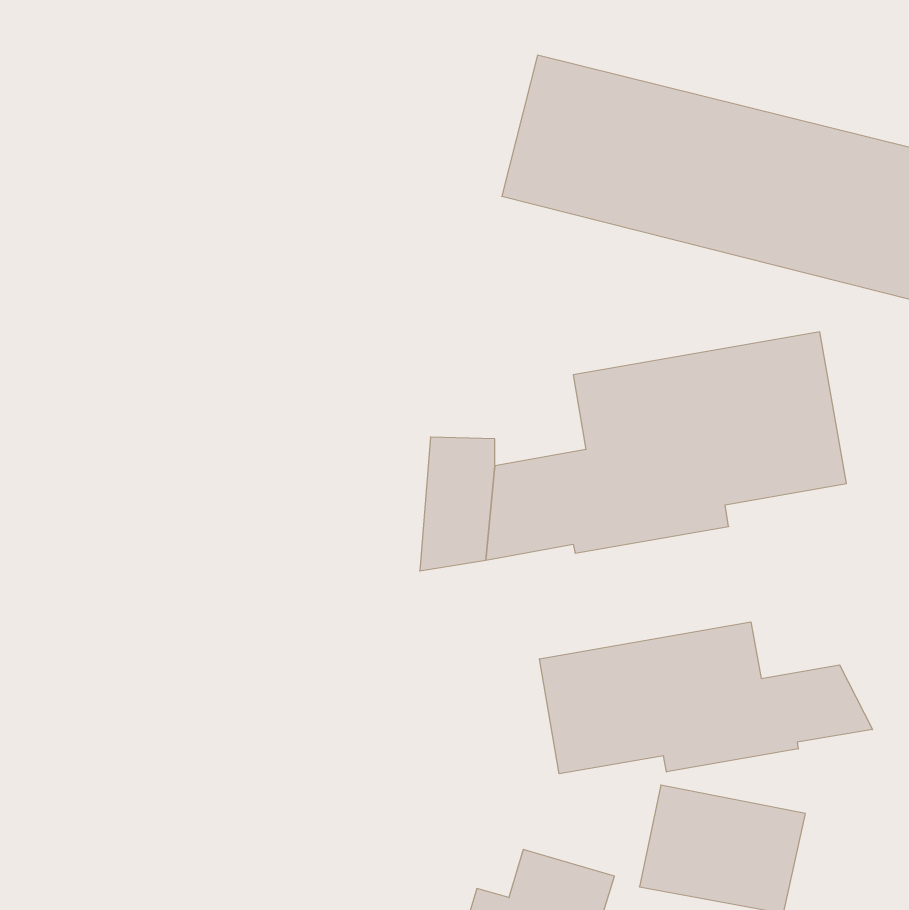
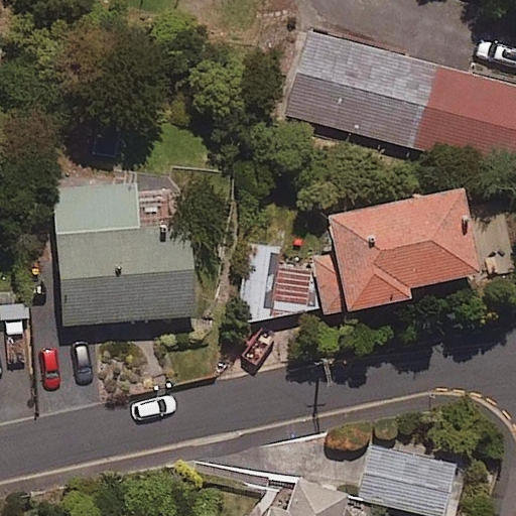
building: none -> [55,184,197,325]
building: [540,622,872,774] -> none

